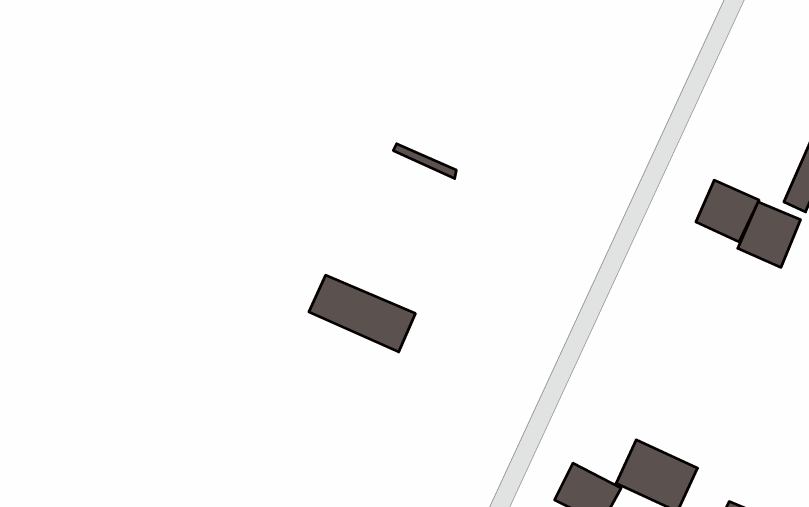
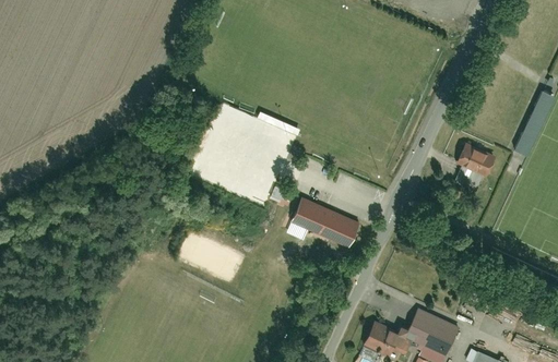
building: [738,202,800,267] -> none
building: [309,275,415,352] -> [289,197,359,248]

